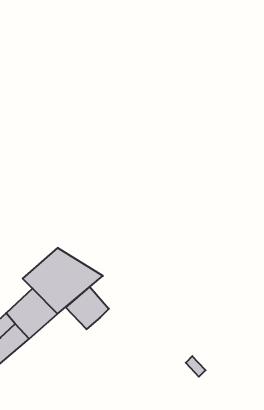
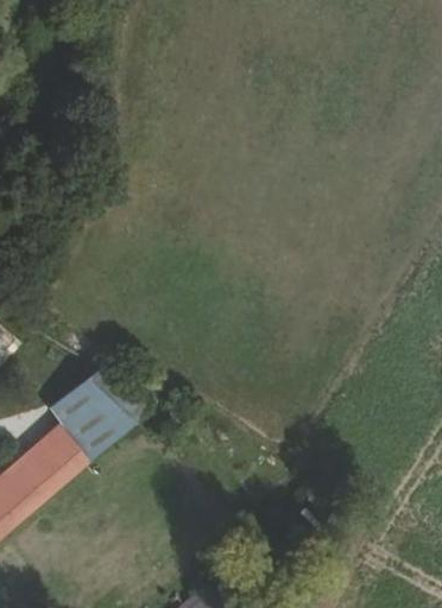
building: [66,287,109,329] -> none

